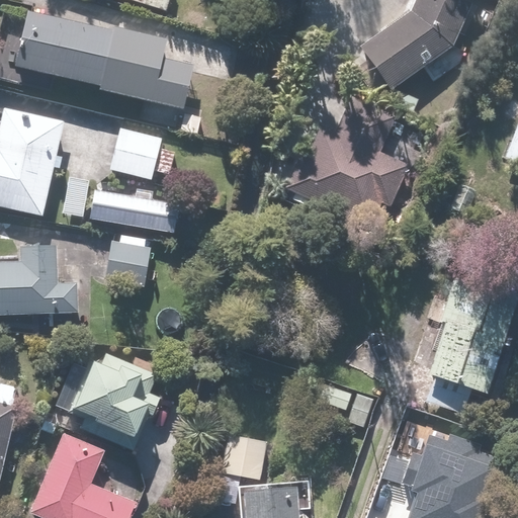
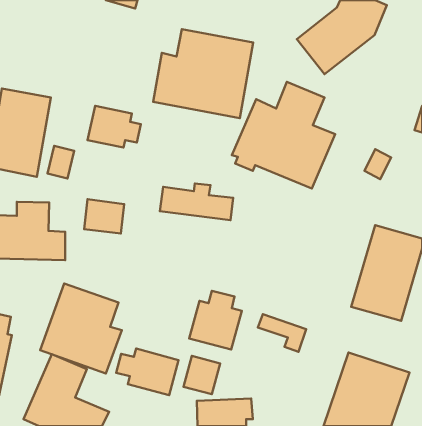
building: [17,12,193,107] -> none
building: none -> [153,29,253,118]
building: [90,186,179,231] -> [160,184,233,220]
building: none -> [189,291,242,349]
building: none -> [116,348,178,395]

